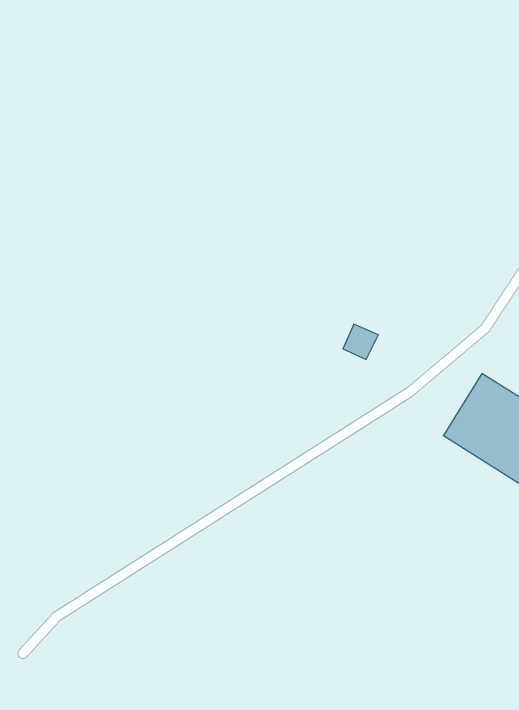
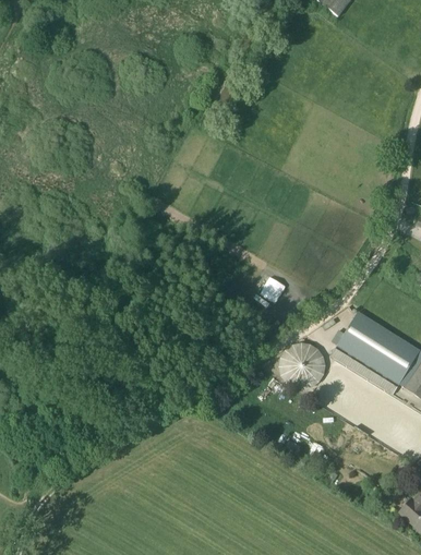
building: none -> [279,343,324,388]

